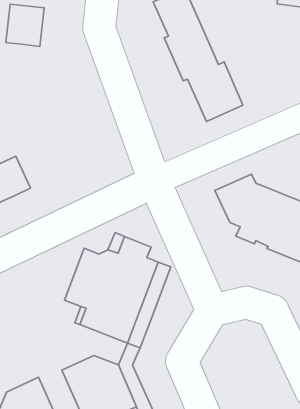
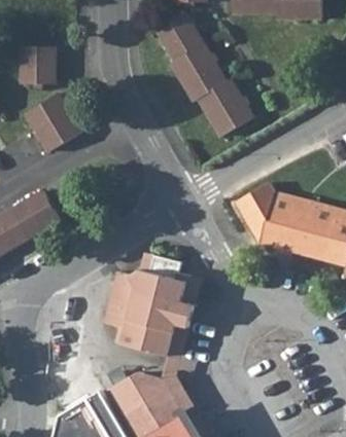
building: none -> [26,94,81,151]

